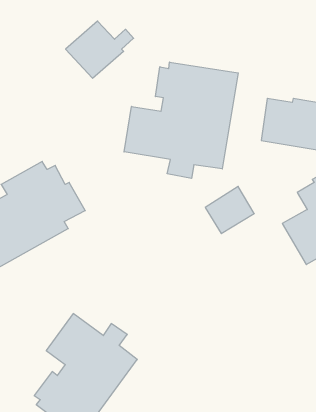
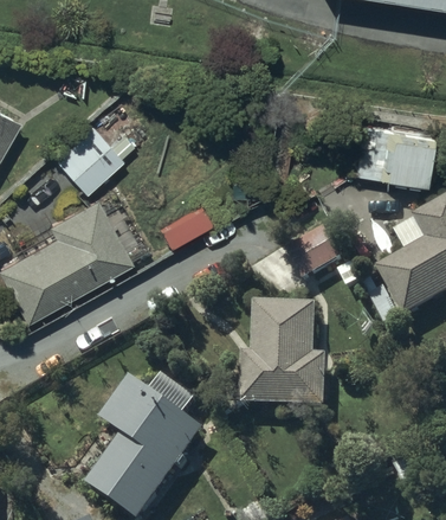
building: [66,21,134,78] -> [51,124,131,192]
building: [124,62,238,178] -> none
building: none -> [240,304,325,409]

